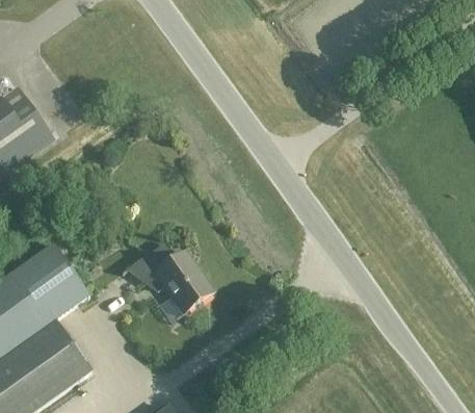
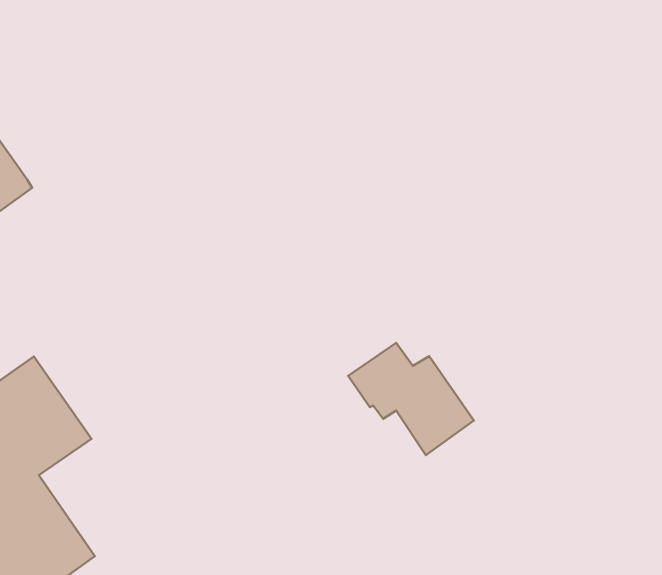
building: [134,243,213,314] -> [348,343,474,455]

